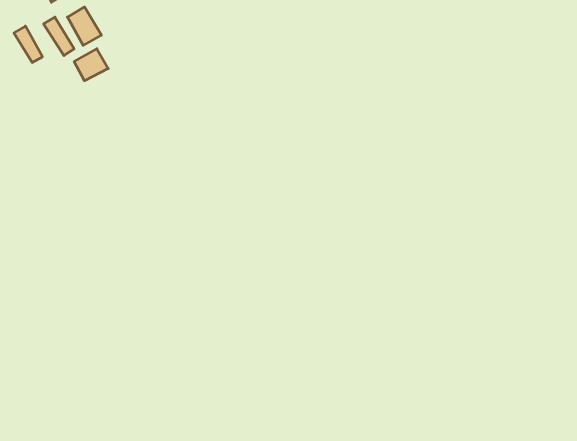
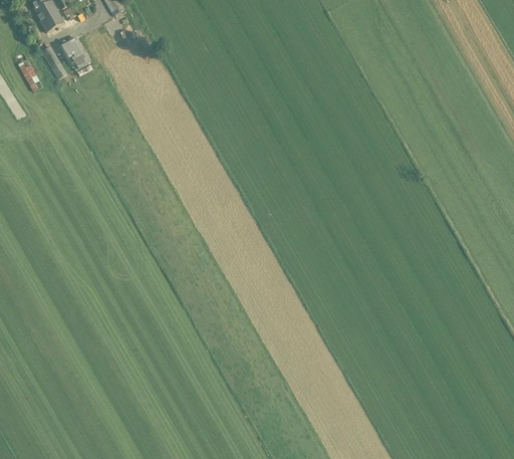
building: [74,49,108,81] -> none

